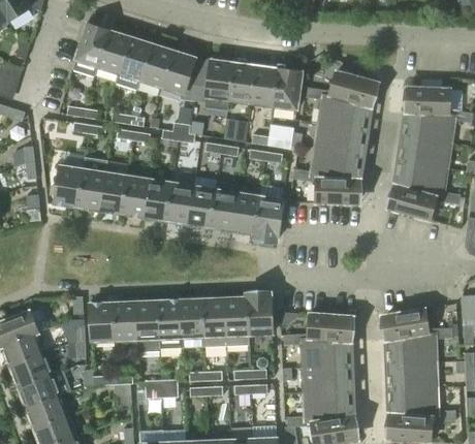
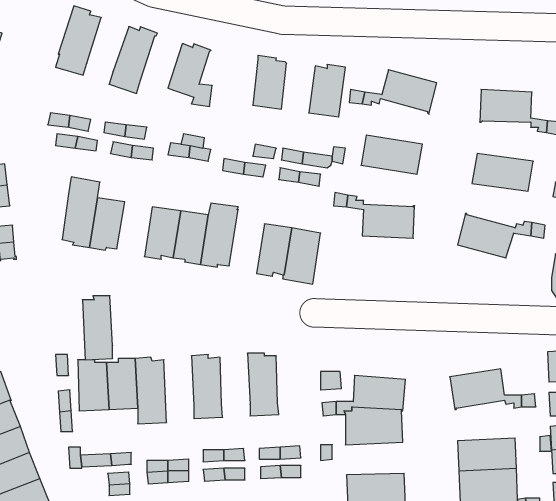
building: [97,30,132,72] -> none
building: [139,44,175,86] -> none
building: [186,57,232,113] -> none
building: [251,63,278,105] -> none
building: [318,94,367,130] -> none
building: [406,112,454,144] -> none
building: [310,147,358,180] -> none
building: [398,161,446,196] -> none
building: [54,165,83,207] -> none
building: [121,176,149,219] -> none
building: [210,182,239,232] -> none
building: [246,292,272,335] -> none
building: [202,295,226,346] -> none
building: [158,297,182,348] -> [82,296,113,360]
building: [389,332,436,364] -> none
building: [302,366,348,391] -> none

